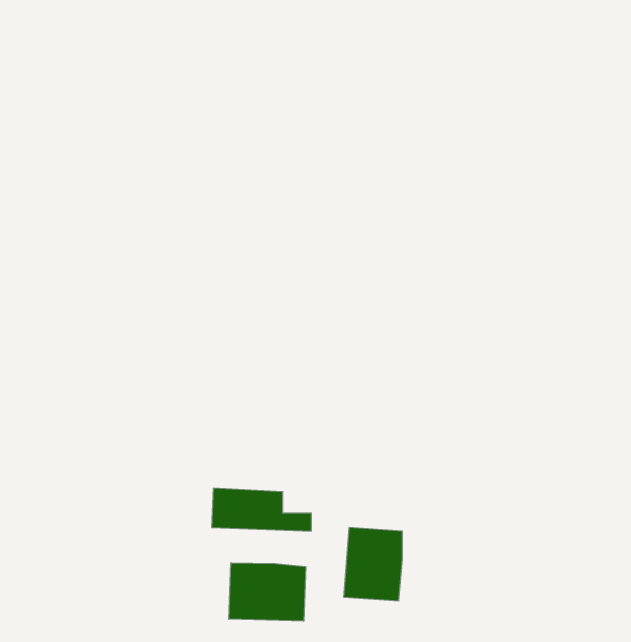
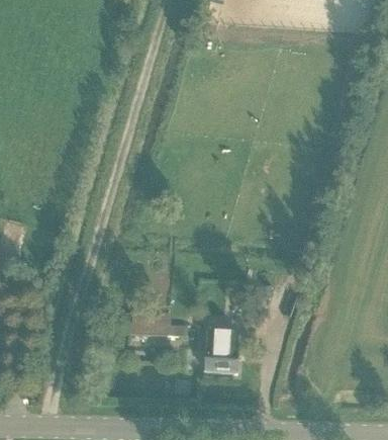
building: [229,563,306,621] -> none

